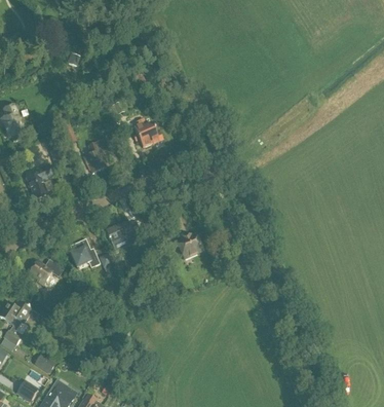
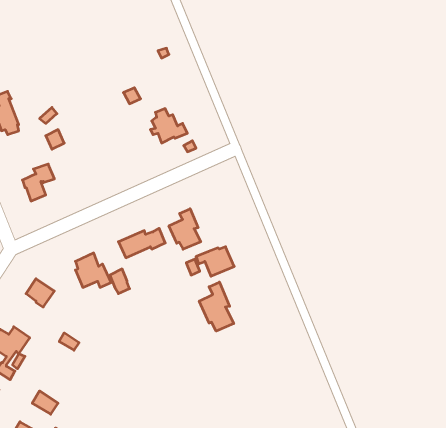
building: [83,138,109,173] -> none
building: none -> [169,209,201,249]
building: none -> [199,282,234,331]

